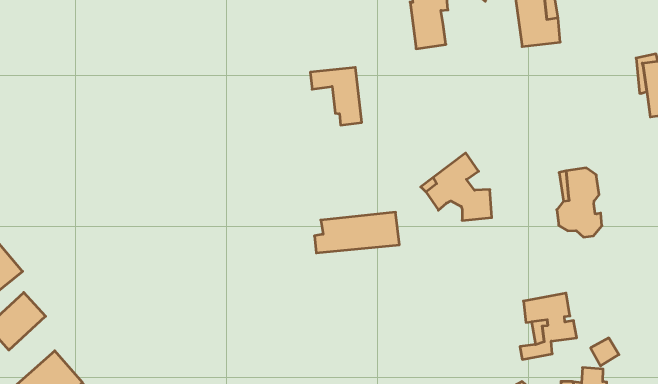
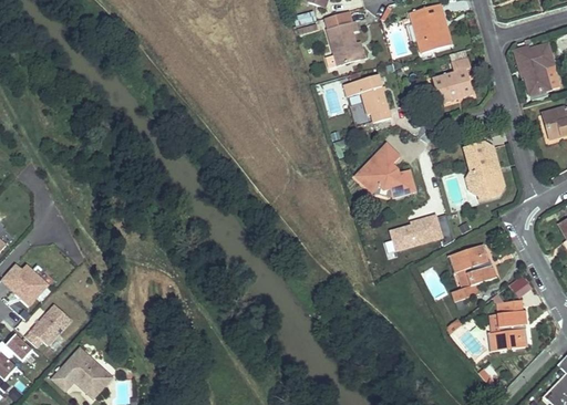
building: none -> [432,58,472,104]
building: [310,67,362,125] -> [343,75,390,123]
building: [314,212,399,253] -> [383,214,452,255]

